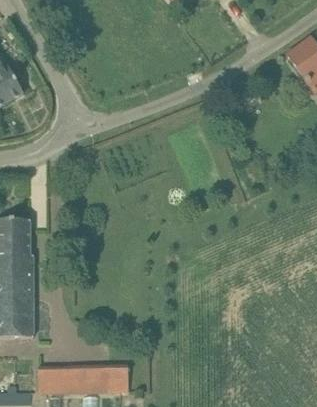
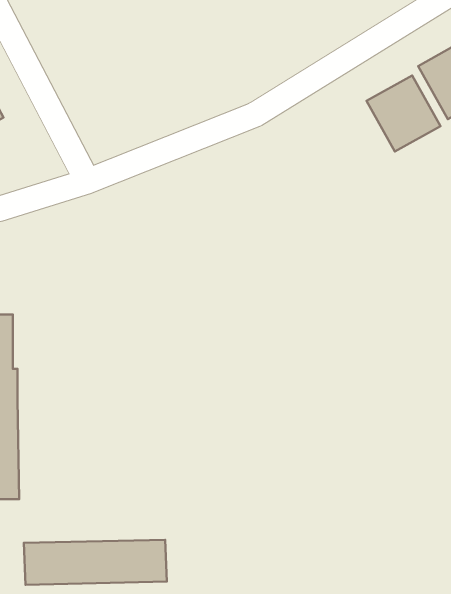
building: none -> [366,75,441,151]

